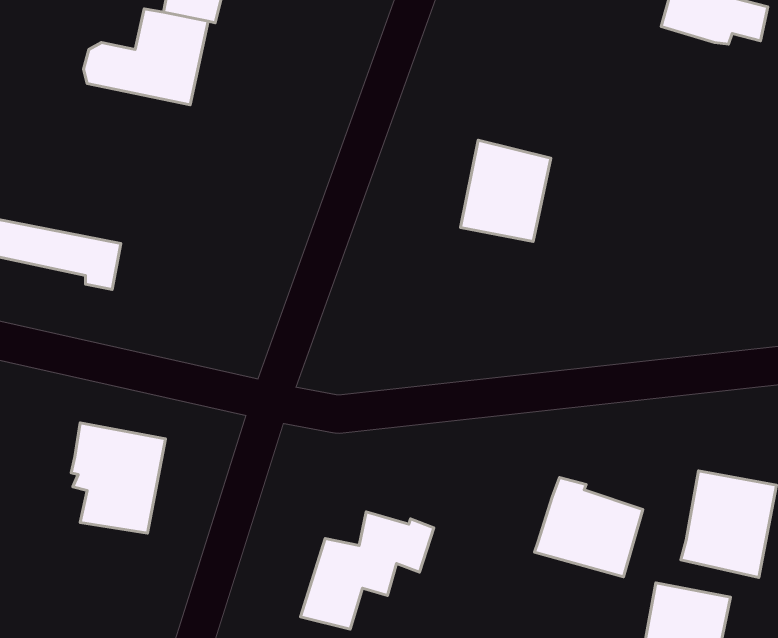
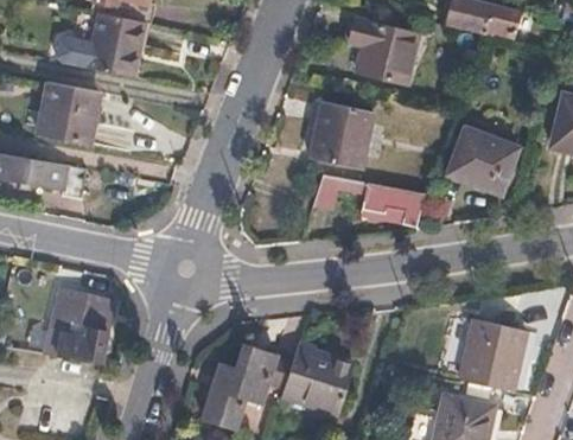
building: none -> [349,15,420,83]
building: none -> [38,82,97,144]
building: none -> [445,128,517,195]
building: none -> [312,174,424,227]
building: [535,477,643,577] -> [282,345,355,412]

